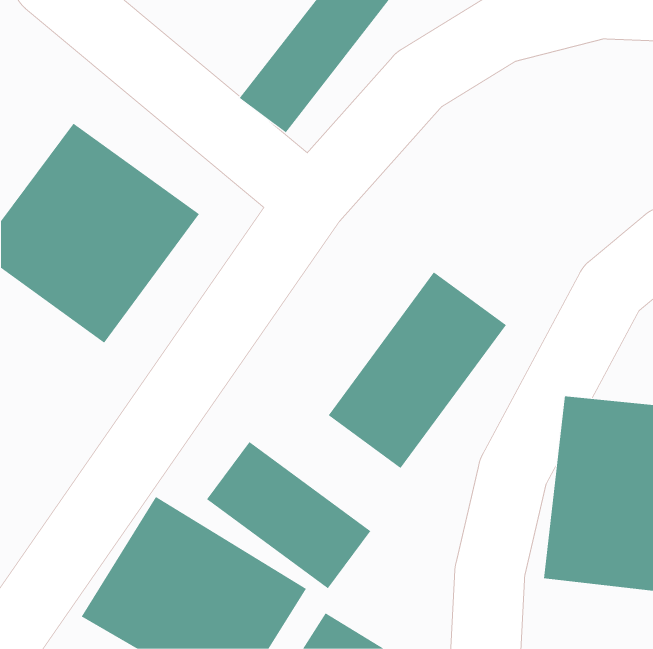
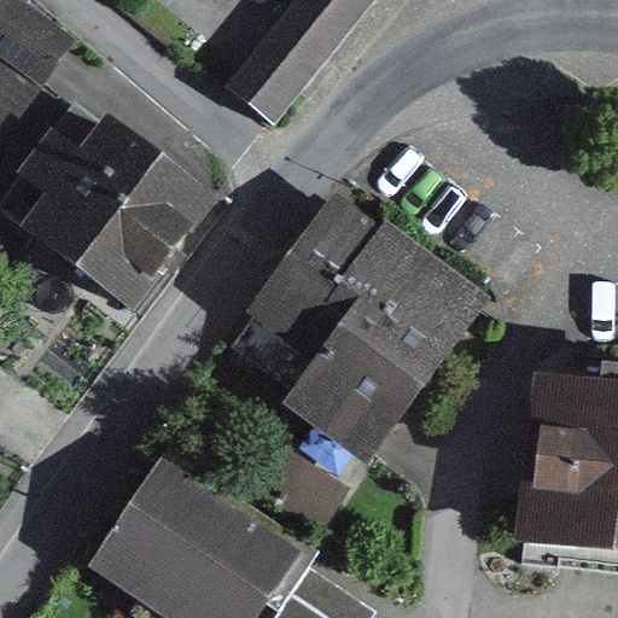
building: none -> [249,202,414,384]
building: [206,441,371,589] -> none

